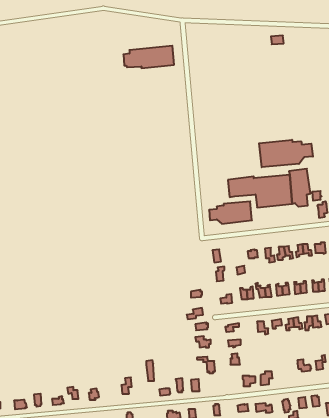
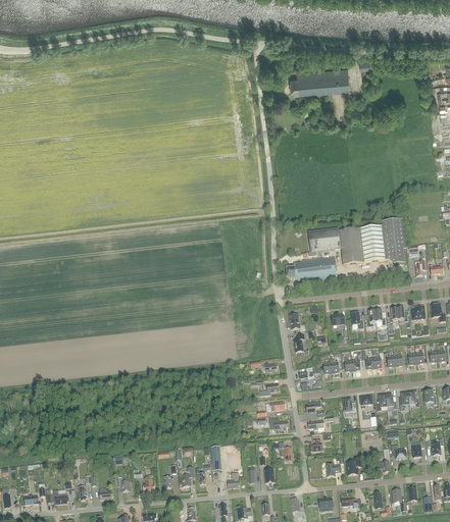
building: [123,46,174,68] -> [290,68,350,95]
building: [259,140,313,167] -> none

